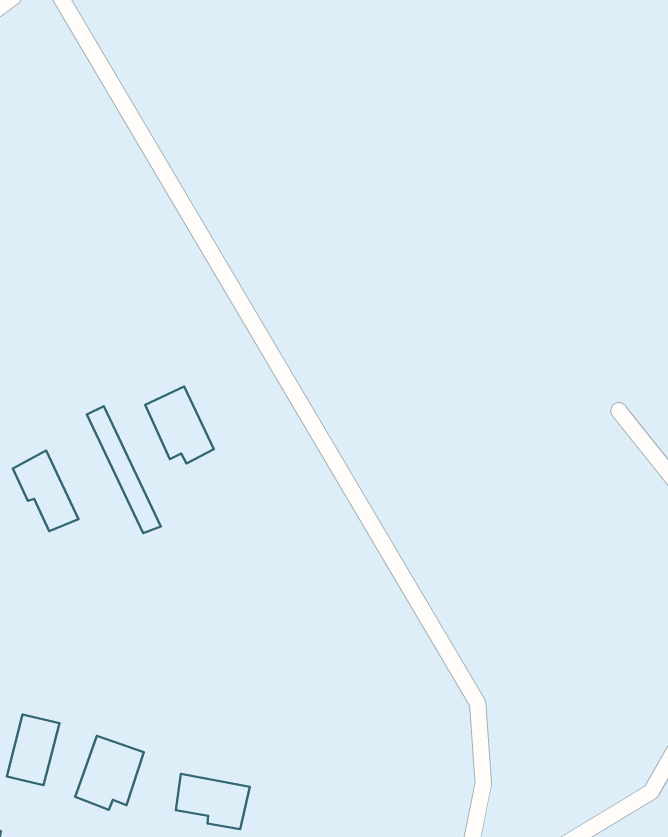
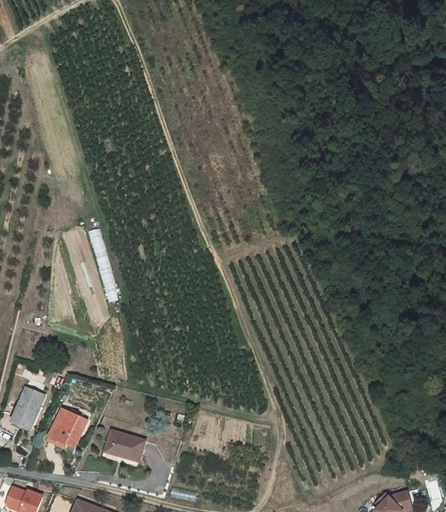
building: [145,387,214,464] -> none
building: [13,451,78,531] -> none

